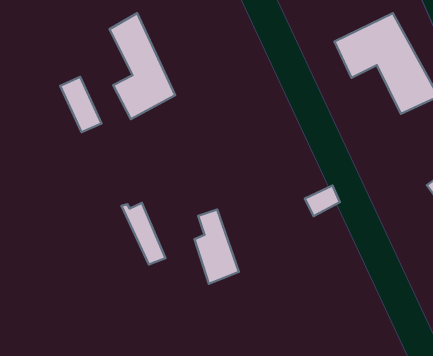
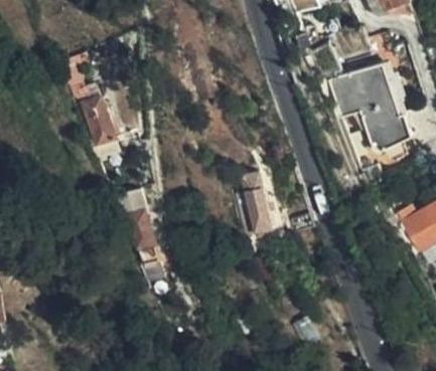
building: [110,13,175,119] -> none
building: [195,209,239,284] -> [237,168,273,232]

